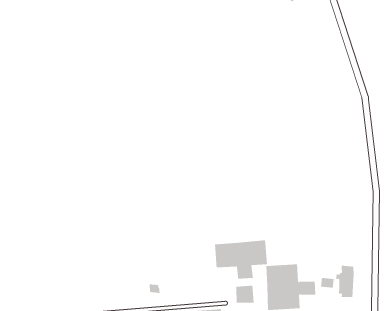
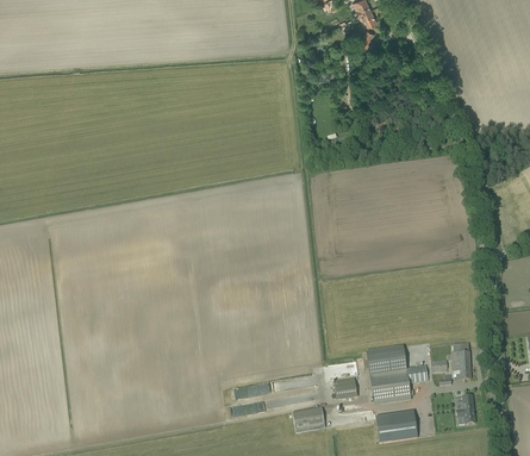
building: [215,239,267,280] -> none

